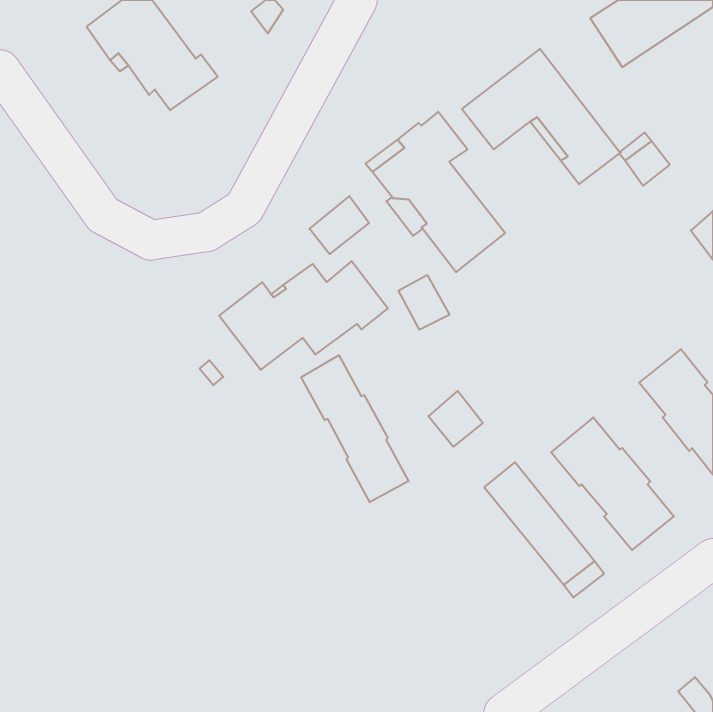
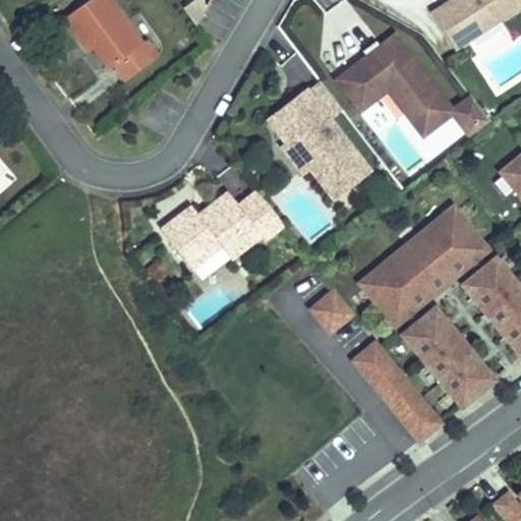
building: [309,196,369,254] -> none
building: [398,275,449,330] -> none
building: none -> [360,204,487,321]
building: [301,355,409,502] -> none

